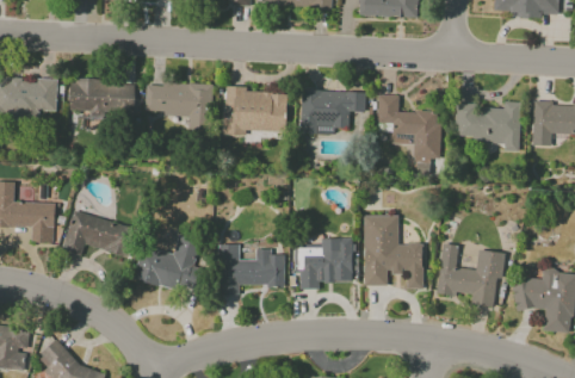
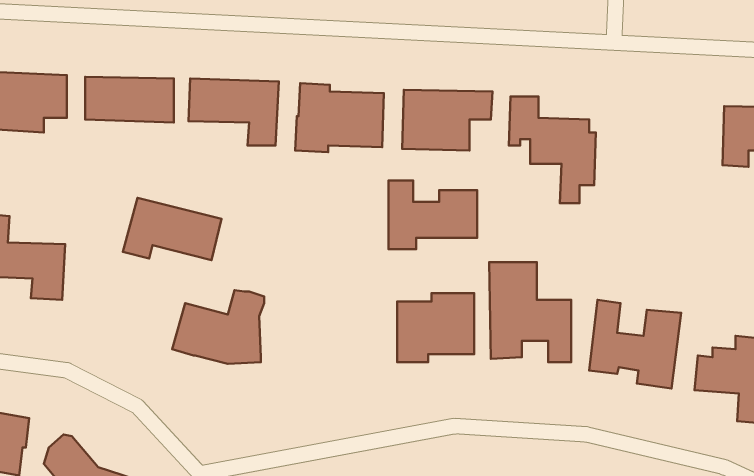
building: [455,100,520,150] -> none
building: [62,210,134,255] -> [123,198,221,260]
building: [218,243,283,293] -> [388,180,477,249]

